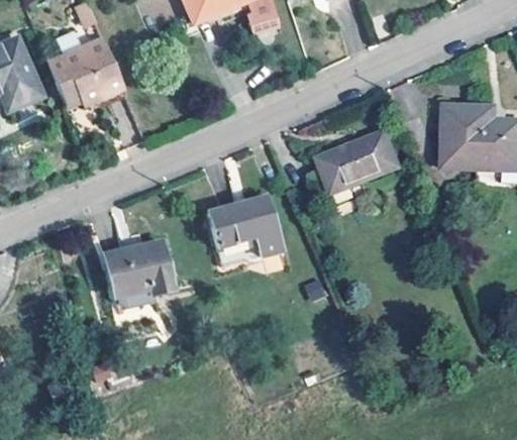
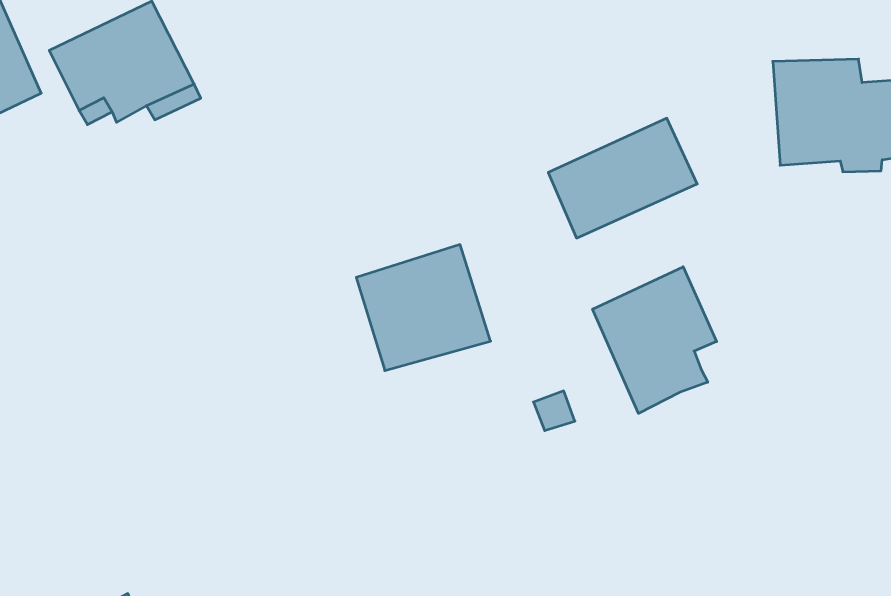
building: none -> [593,267,717,413]
building: [104,234,173,299] -> none

